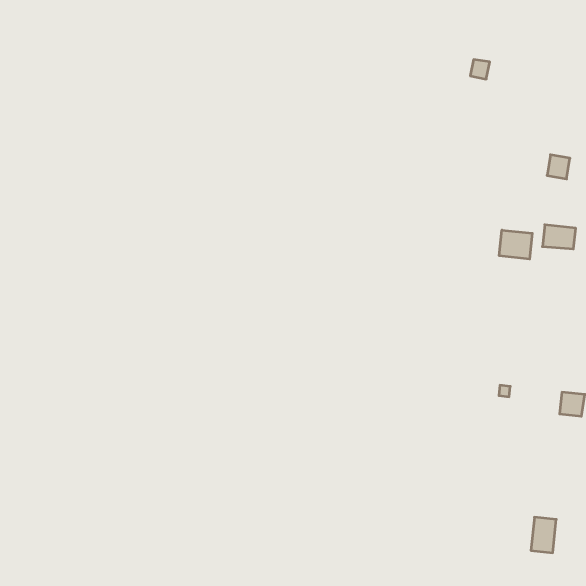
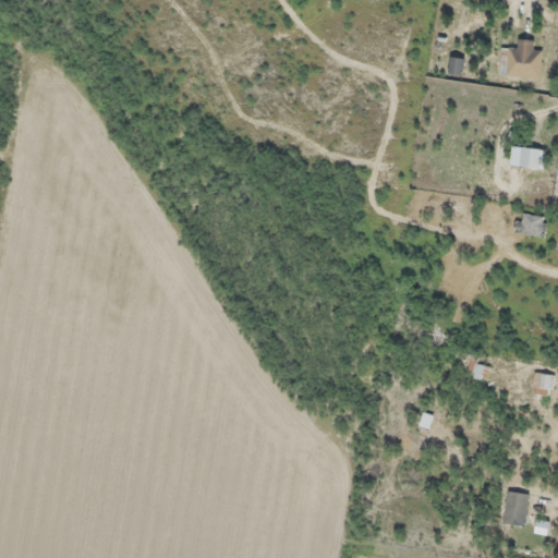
building: none -> [499,39,543,77]
building: [499,230,532,259] -> none

